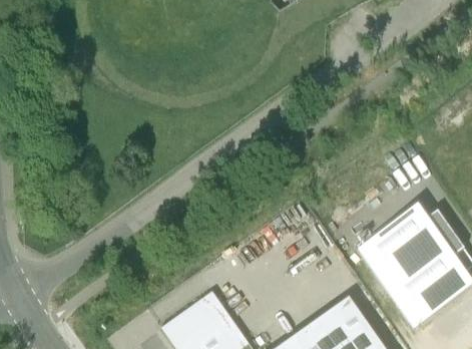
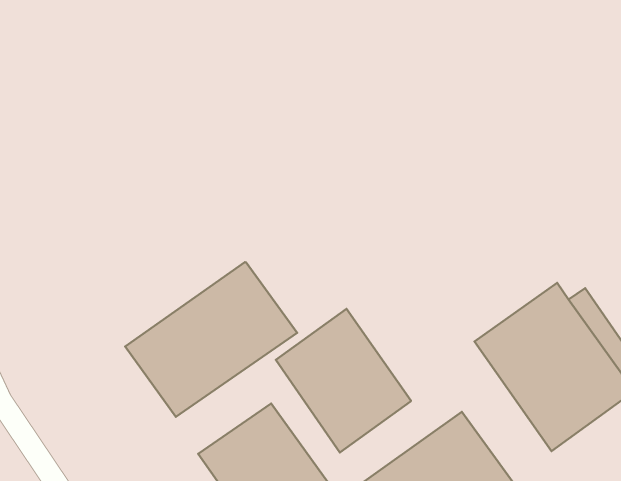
building: none -> [125,262,297,417]
building: none -> [276,309,411,452]

